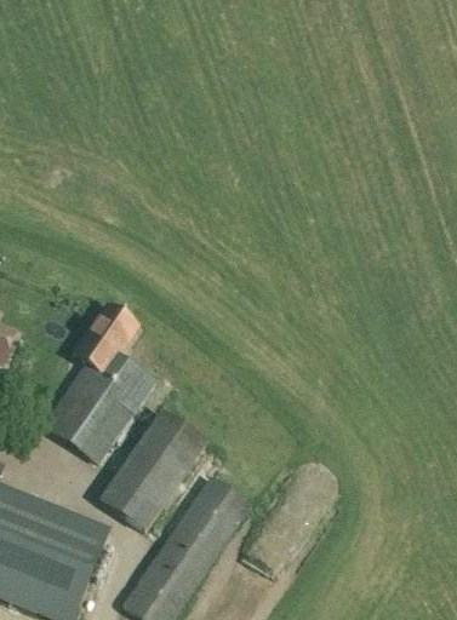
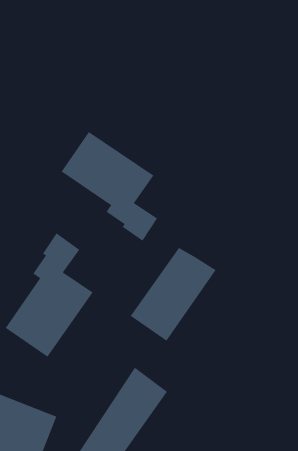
building: none -> [61,131,158,241]
building: [97,412,207,532] -> [130,247,217,341]

